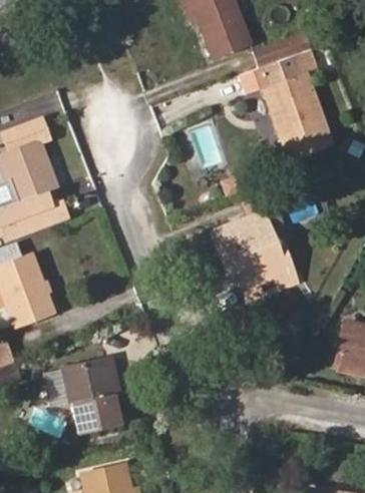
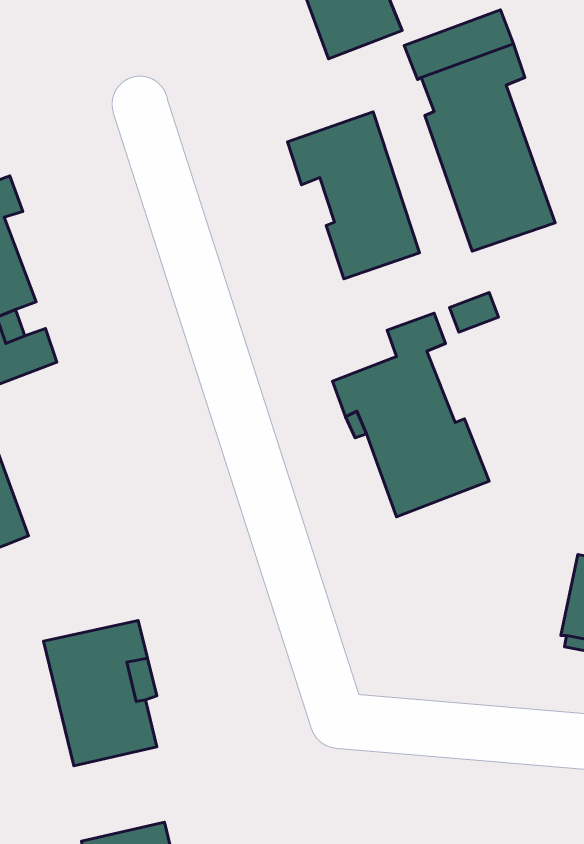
building: none -> [288,112,419,279]

